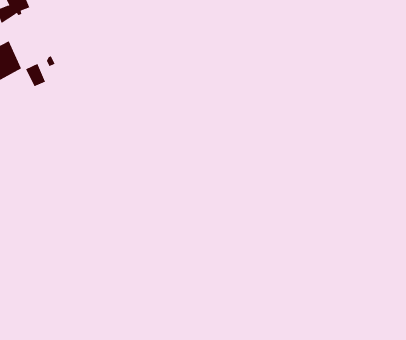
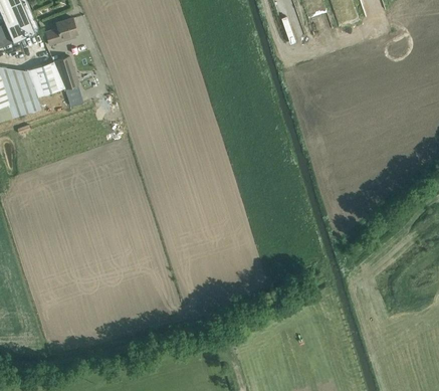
building: none -> [54,56,77,89]

